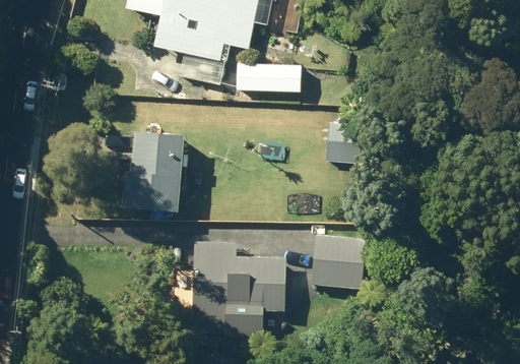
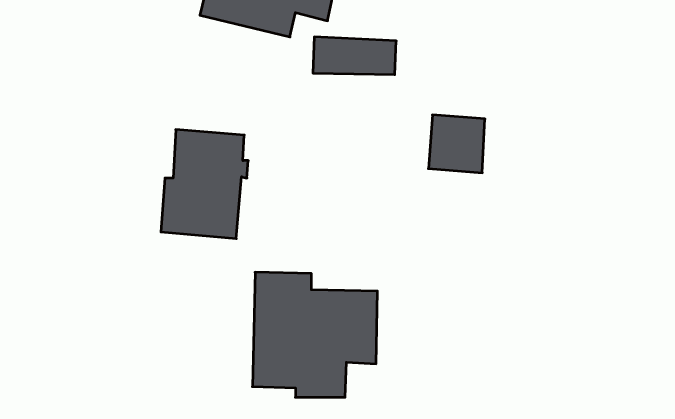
building: [311,234,367,289] -> none

